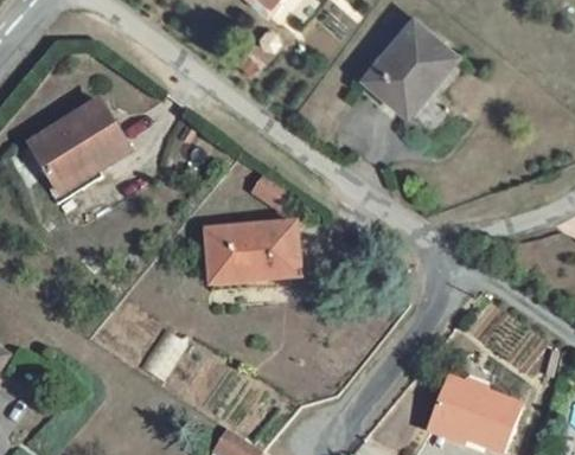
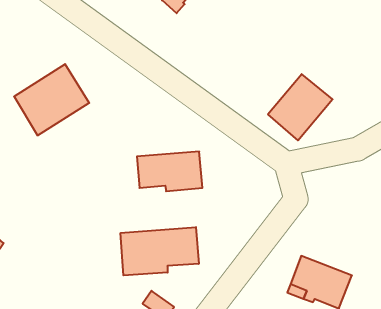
building: [363,18,458,115] -> [268,74,333,140]
building: none -> [121,227,199,275]

